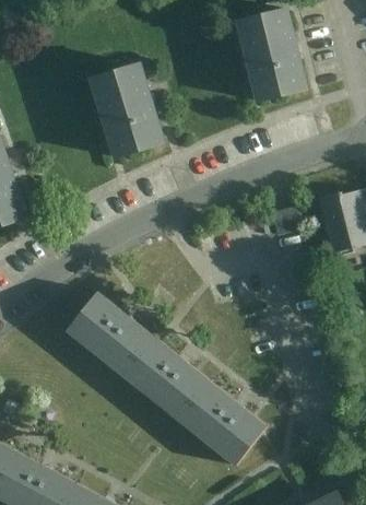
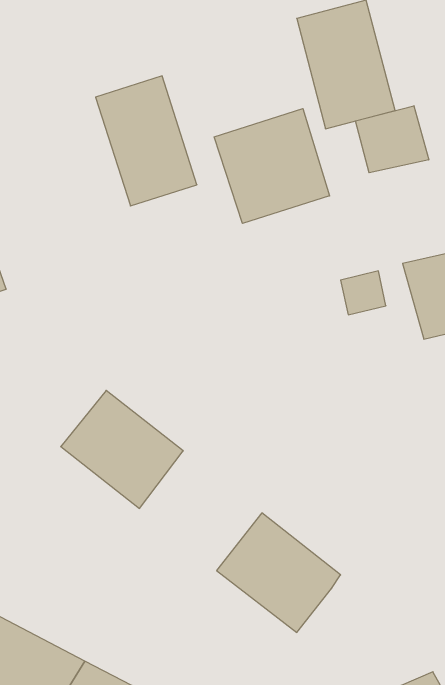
building: none -> [355,106,429,173]
building: none -> [214,109,330,223]
building: [123,334,212,421] -> none

